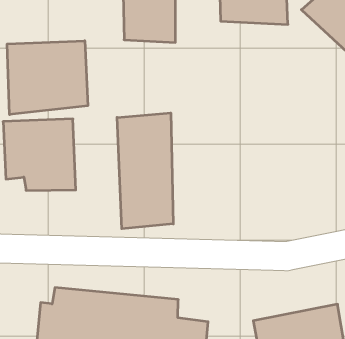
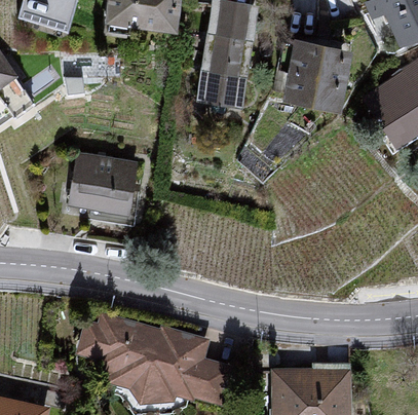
building: [7,41,88,115] -> none
building: [117,113,173,229] -> none

